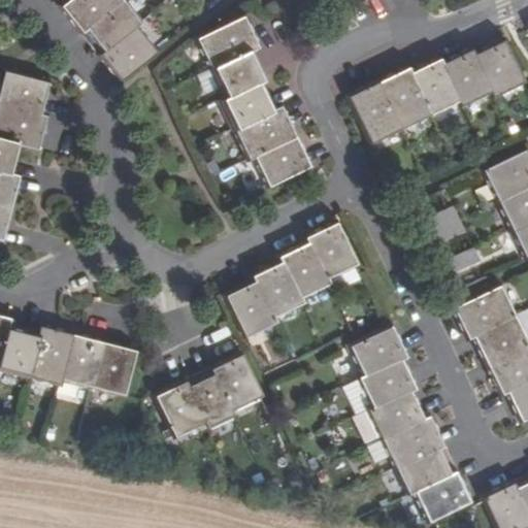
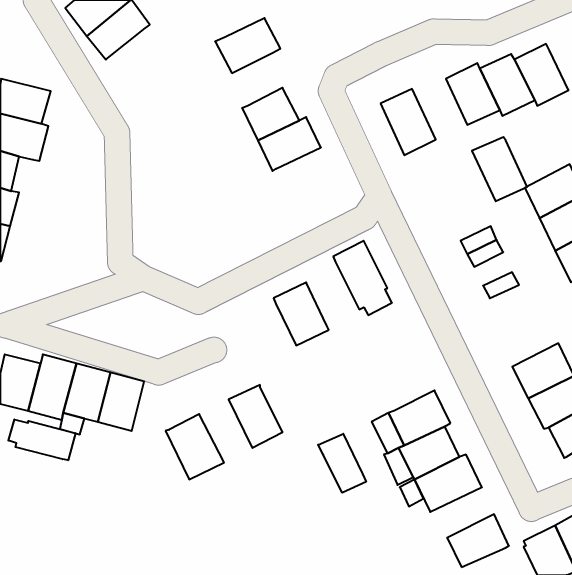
building: [100,26,157,80] -> none
building: [216,48,267,97] -> none
building: [381,69,431,128] -> [472,137,527,201]
building: [256,135,311,185] -> none
building: [282,240,332,298] -> none
building: [227,278,277,335] -> none
building: [455,287,515,337] -> none
building: [350,325,406,376] -> none
building: [186,366,236,428] -> none
building: none -> [8,419,76,460]
building: none -> [318,434,366,493]
building: [397,447,456,494] -> none

